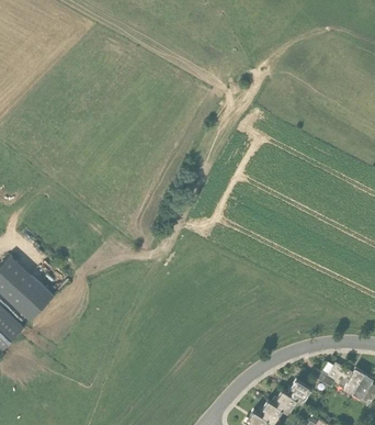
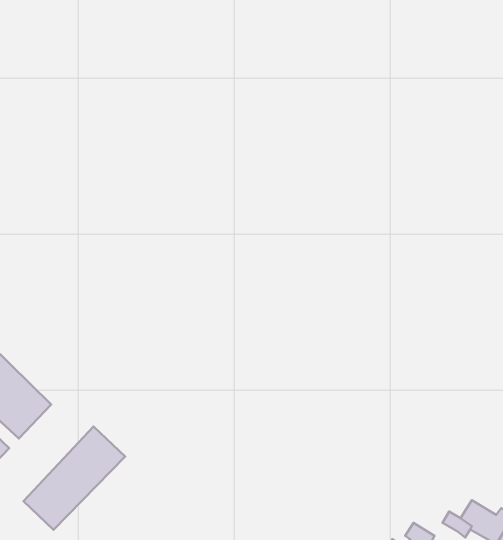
building: none -> [23,426,125,530]

